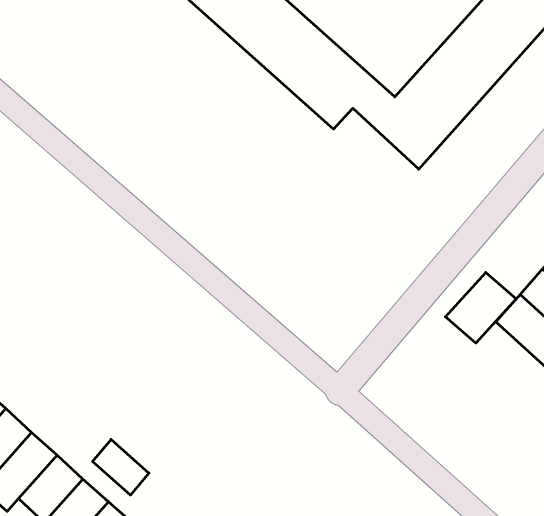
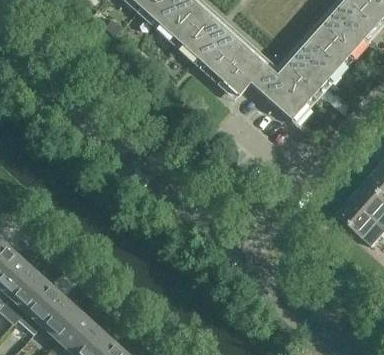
building: [445,272,516,343] -> none
building: [93,439,149,495] -> none

